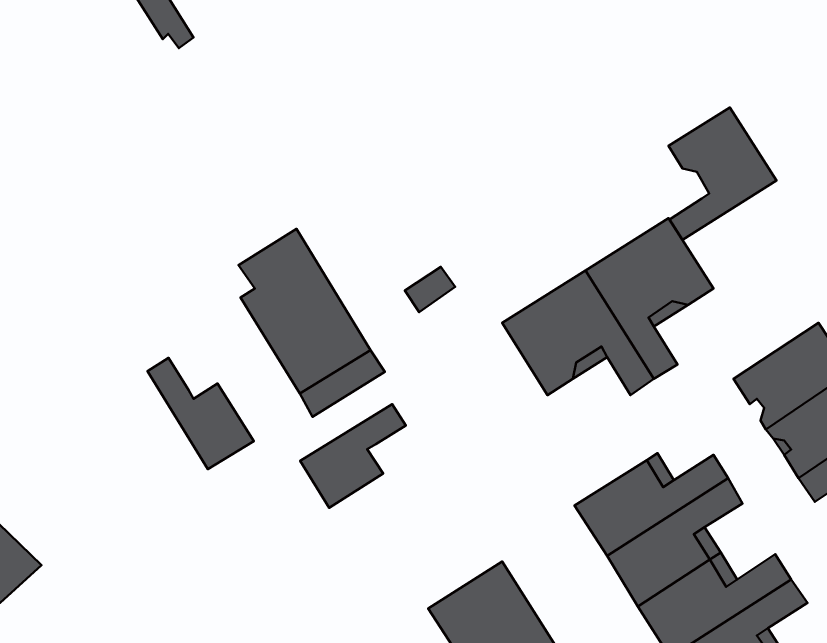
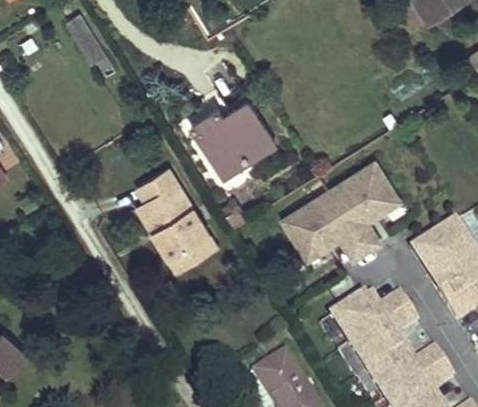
building: [669,107,776,240] -> none
building: none -> [193,102,275,176]
building: [148,358,254,469] -> none
building: [300,404,406,508] -> none

